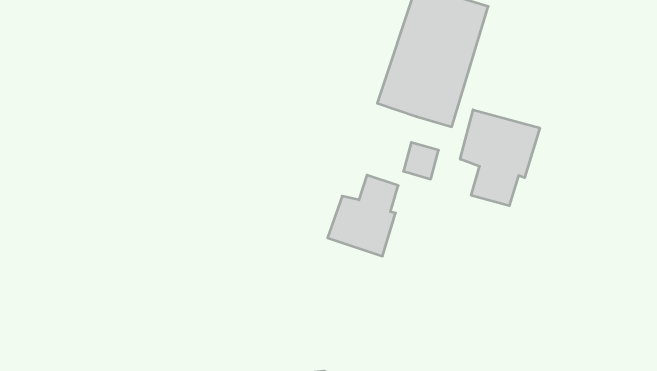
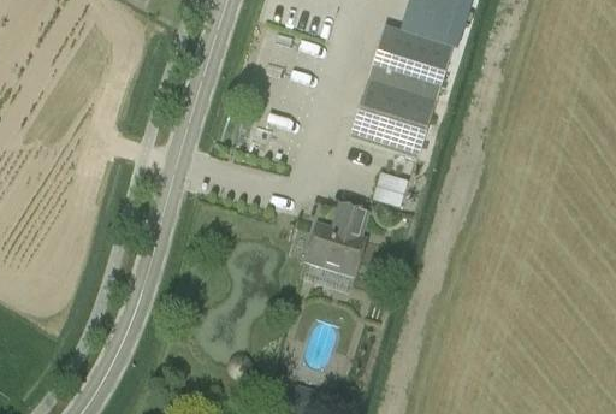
building: [460,110,540,206] -> none

